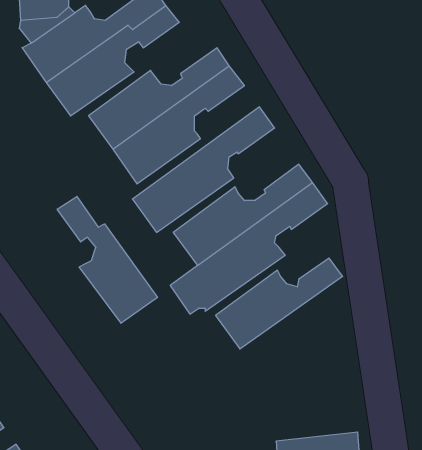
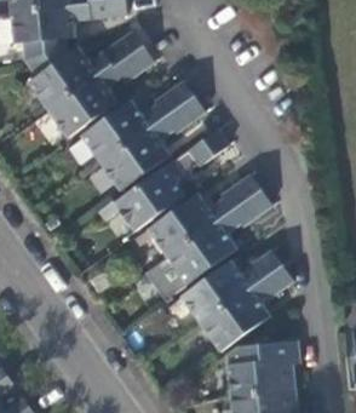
building: [57,196,158,323] -> none
building: none -> [200,263,294,349]
building: none -> [224,338,298,395]

